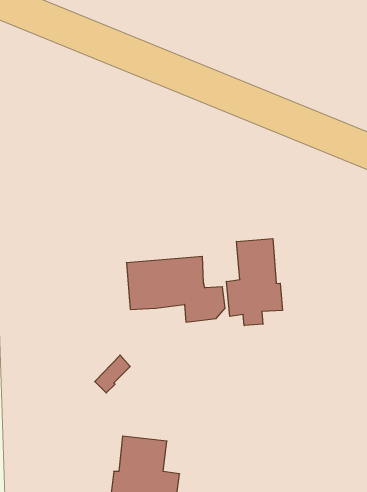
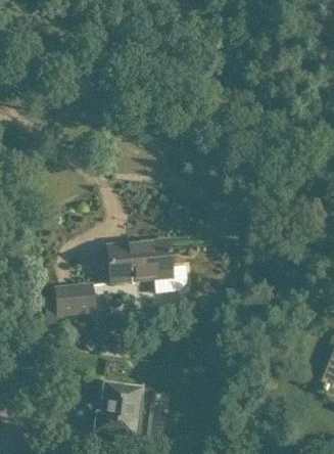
building: [226,239,282,326] -> none
building: none -> [56,282,86,310]

